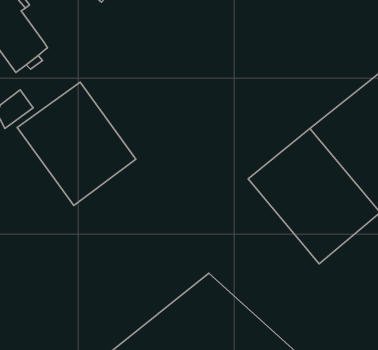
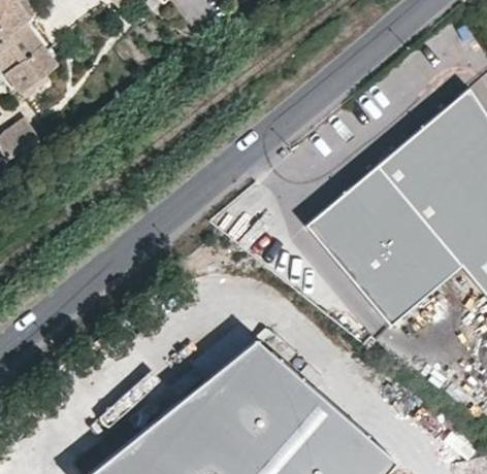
building: [17,82,136,205] -> none

